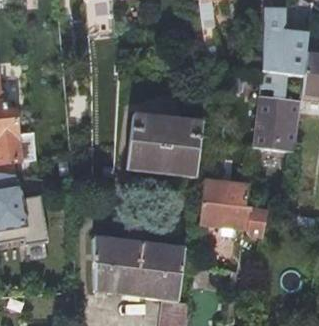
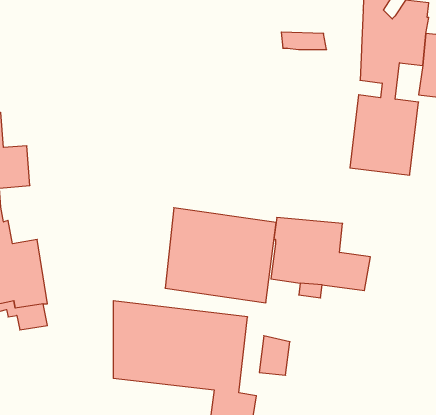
building: [126,111,202,176] -> [165,208,276,303]

